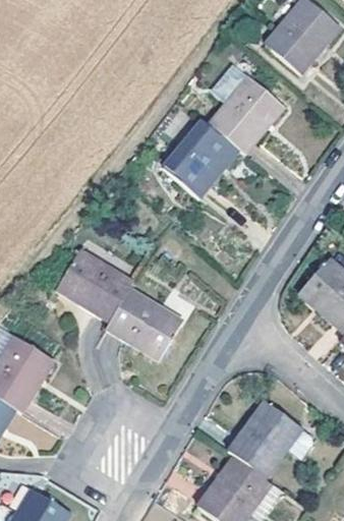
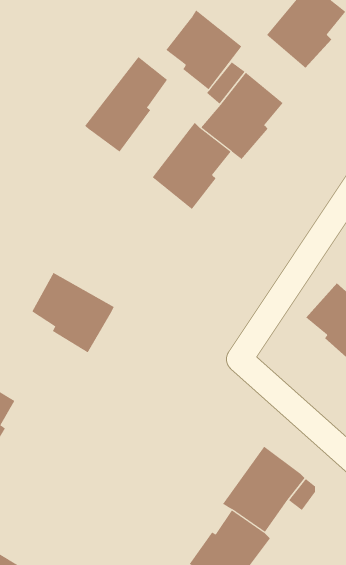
building: none -> [165,10,242,90]
building: none -> [85,56,168,152]
building: [106,286,178,356] -> none

